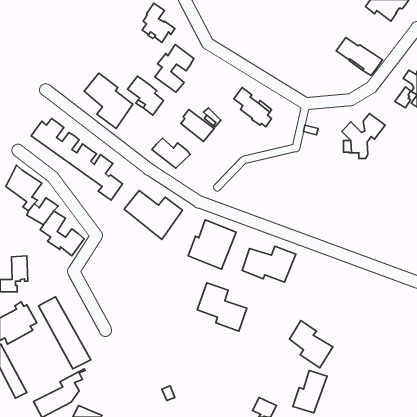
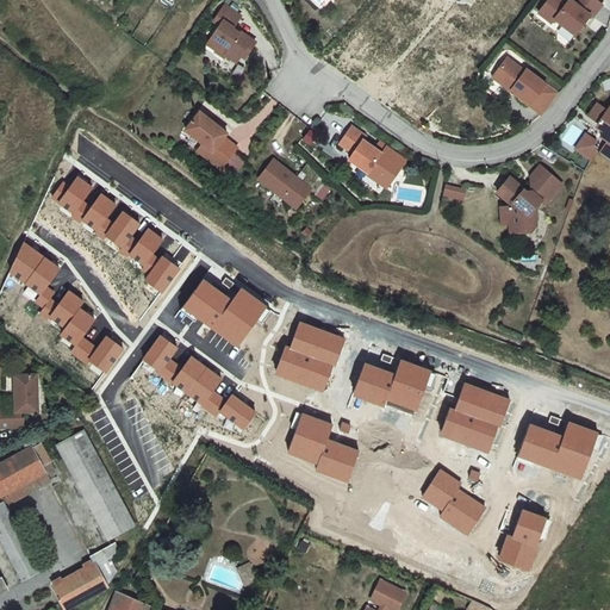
building: [155,45,194,92] -> none
building: [84,73,133,128] -> none
building: [152,138,190,168] -> none
building: none -> [141,332,255,428]
building: none -> [438,381,510,454]
building: none -> [518,419,598,480]
building: [293,370,327,413] -> [497,508,547,569]

